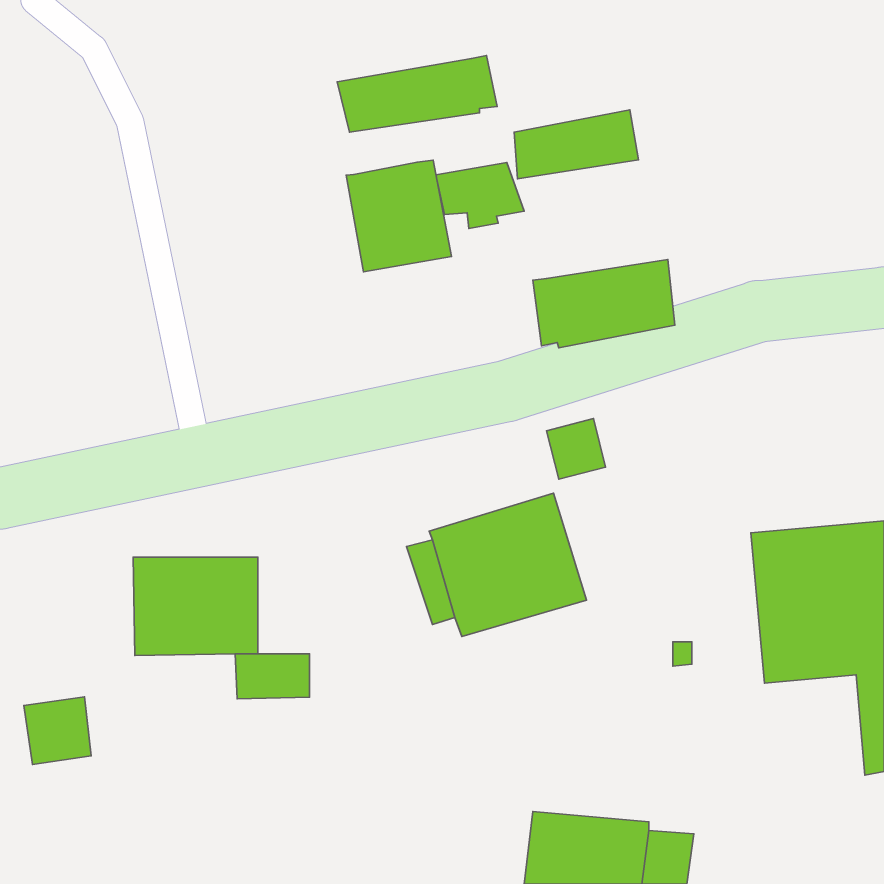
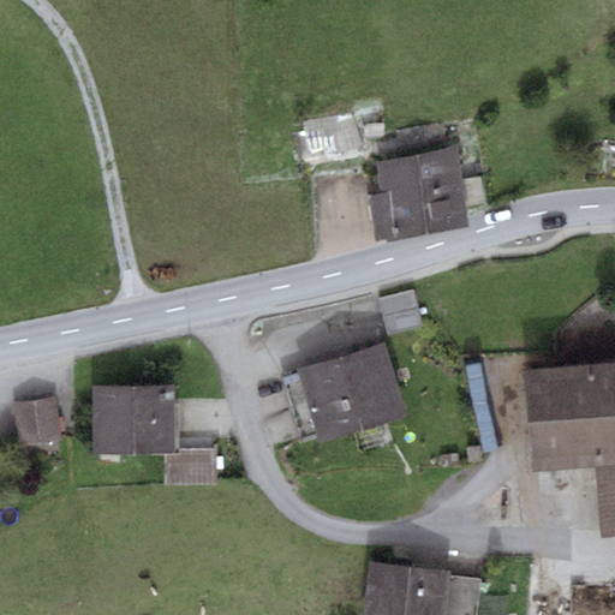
building: [337,56,497,132] -> none
building: [514,110,639,179] -> [377,145,464,193]
building: [346,160,451,272] -> none
building: [24,697,91,764] -> [11,401,58,448]

